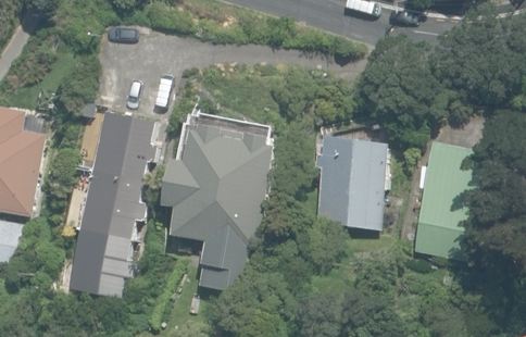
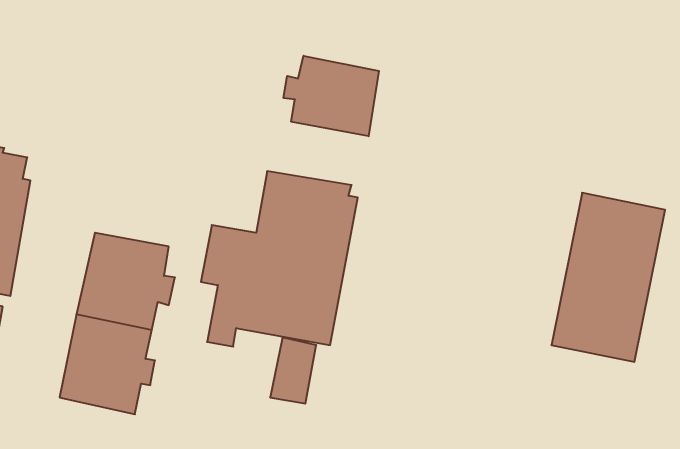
building: none -> [284,56,379,136]
building: [89,109,154,179] -> none
building: [312,134,387,228] -> none

